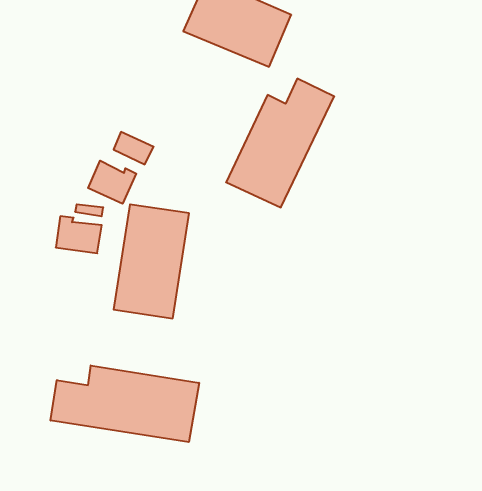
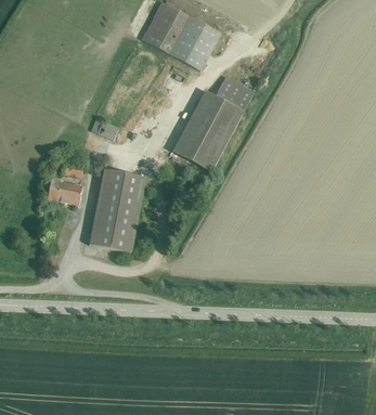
building: [88,161,136,204] -> none
building: [51,365,199,442] -> none

